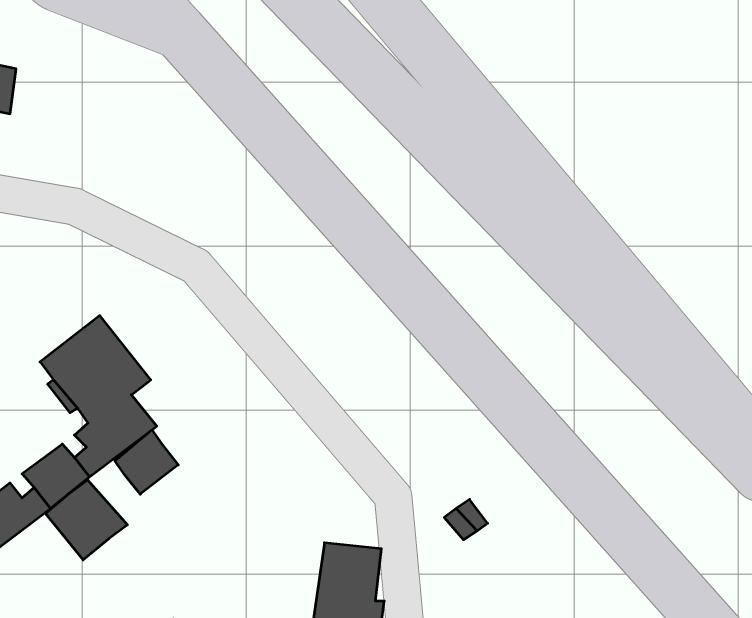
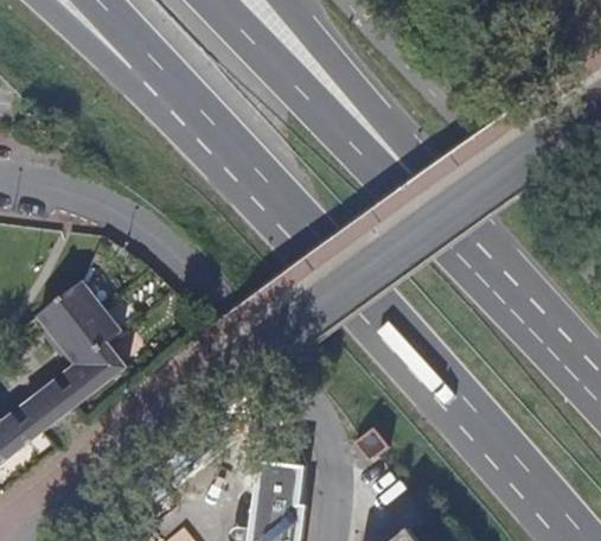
building: [115,430,178,494] -> none
building: [45,480,127,560] -> none

